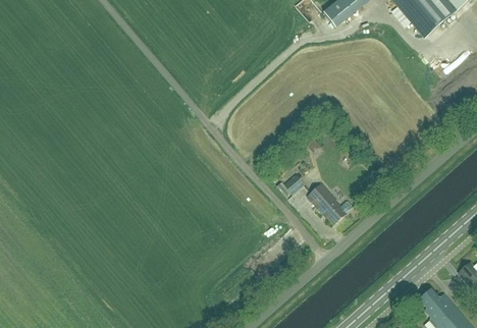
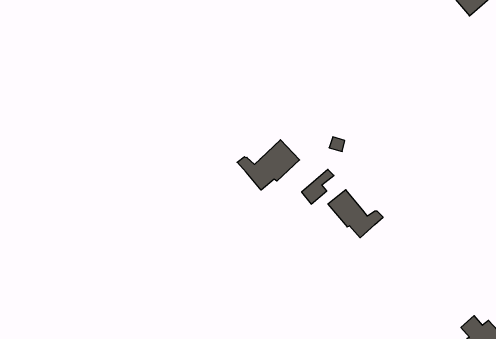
building: none -> [237,140,300,190]

